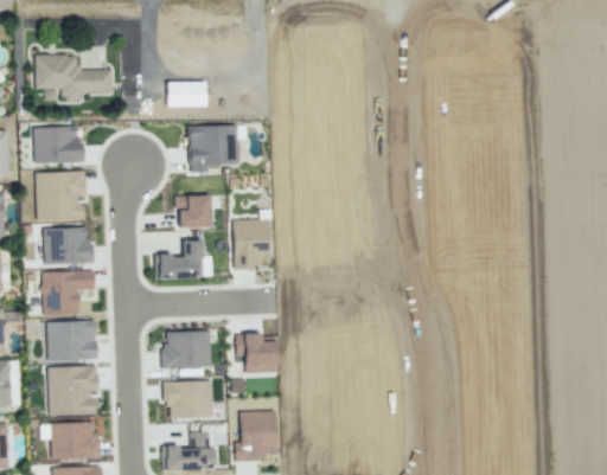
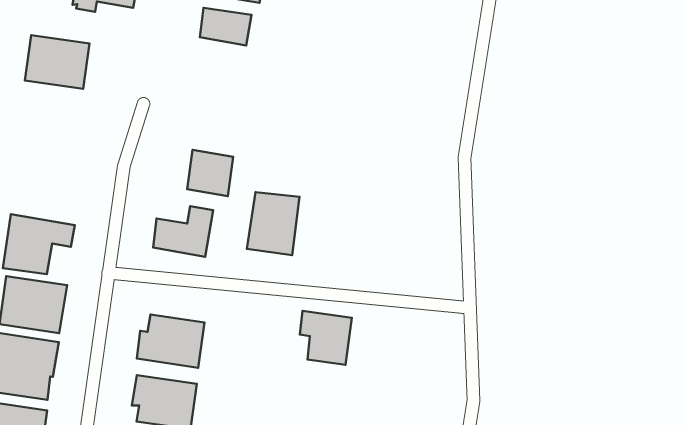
building: [189,124,237,172] -> none
building: [34,171,85,220] -> none
building: [43,226,91,264] -> none
building: [235,334,276,373] -> [300,311,352,365]

